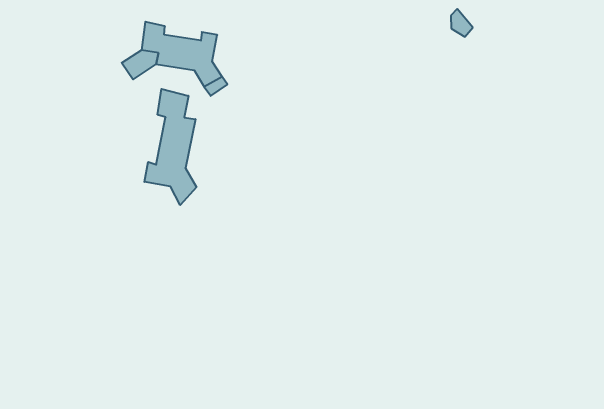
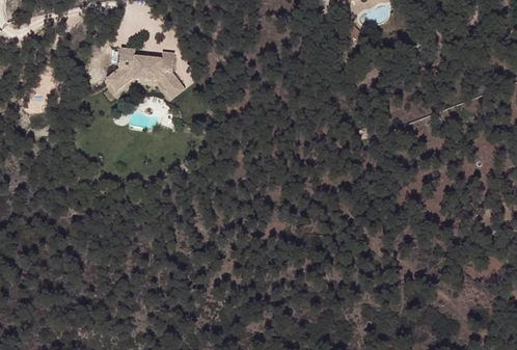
building: [144,89,196,205] -> none

